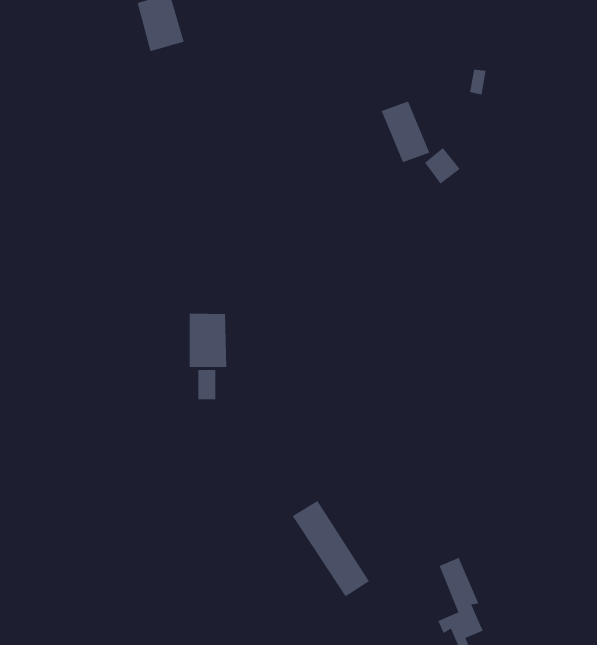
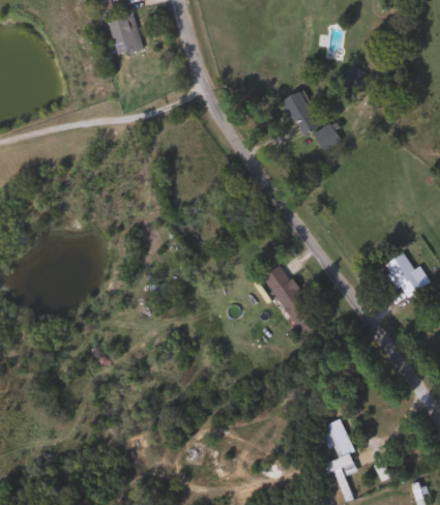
building: [189,313,227,368] -> none
building: none -> [390,255,427,292]
building: [292,500,370,597] -> [262,263,318,332]

